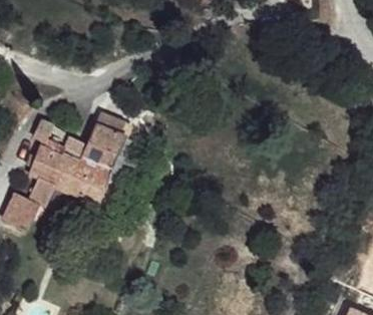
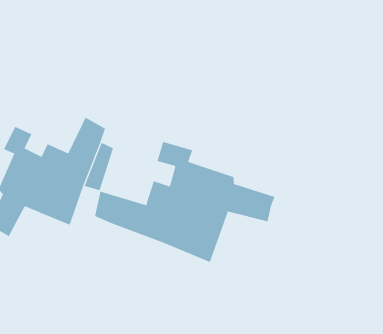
building: none -> [95,141,275,263]

